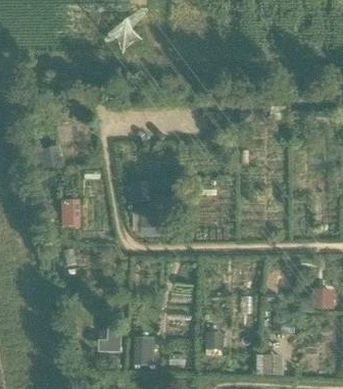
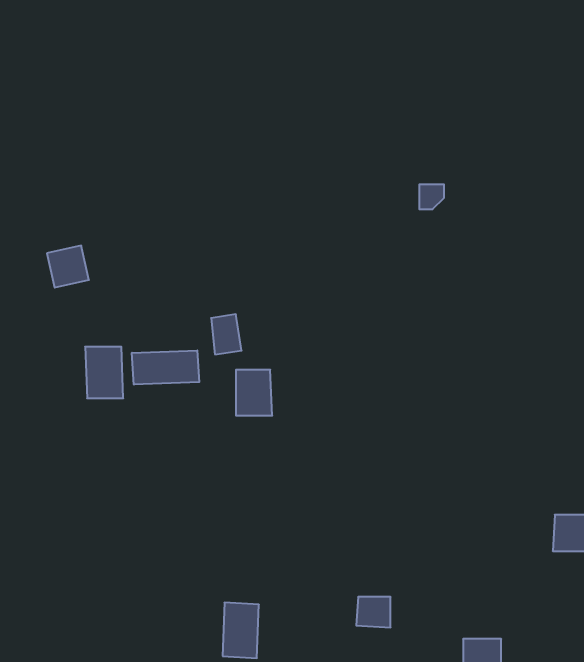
building: none -> [132,350,199,385]
building: [97,330,120,353] -> none

